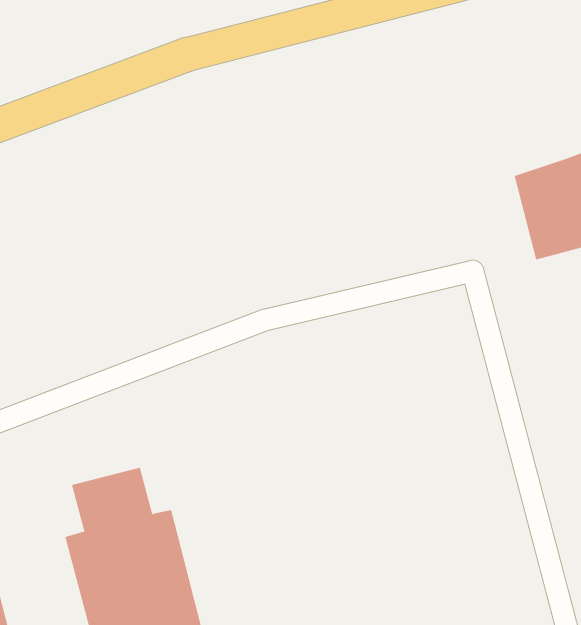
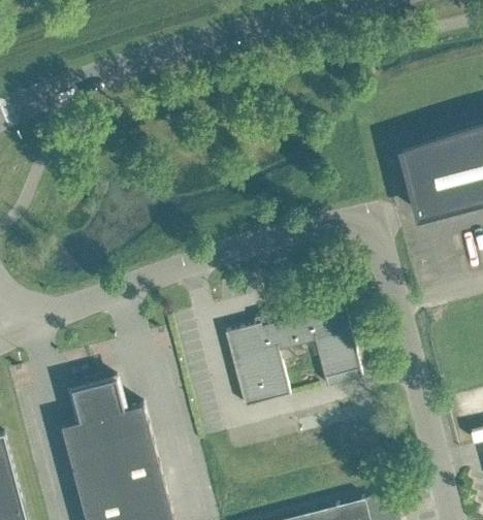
building: none -> [225,303,361,408]

